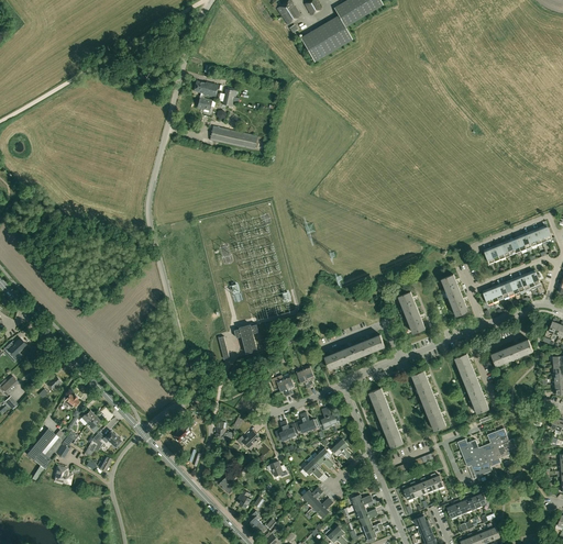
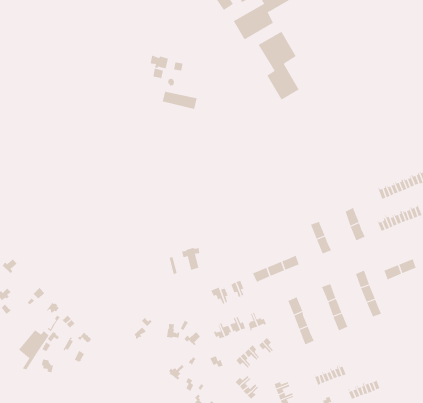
building: none -> [258,31,300,101]
building: [456,428,516,477] -> none

